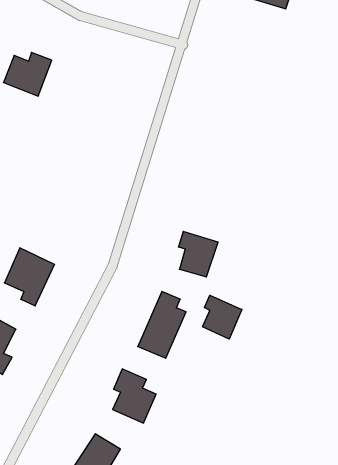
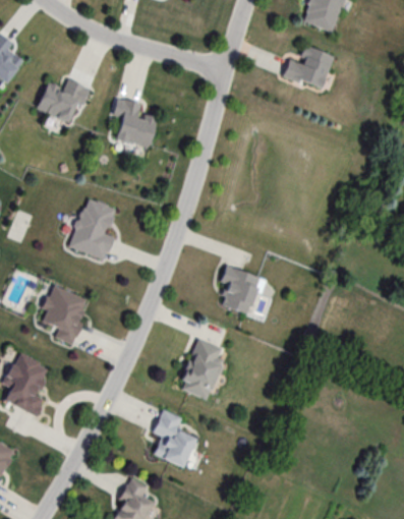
building: none -> [286,44,335,91]
building: none -> [114,98,158,149]
building: none -> [68,197,116,262]
building: [203,295,242,339] -> none

